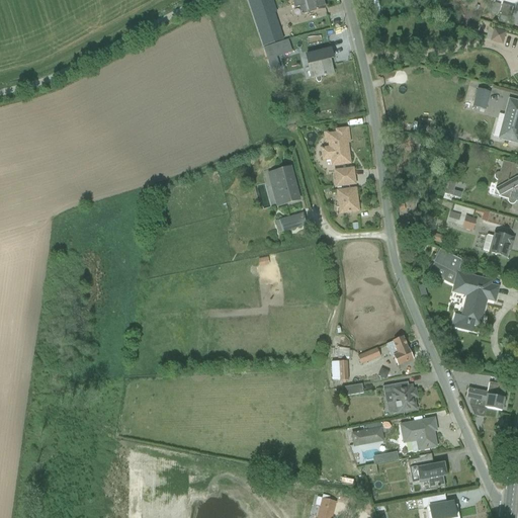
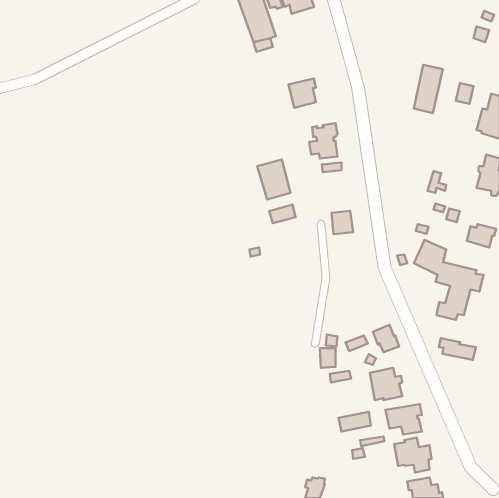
building: [306,48,334,78] -> [288,79,316,108]
building: none -> [414,65,443,113]
building: [337,188,359,212] -> [331,211,353,234]
building: [466,387,505,410] -> [439,338,476,360]

